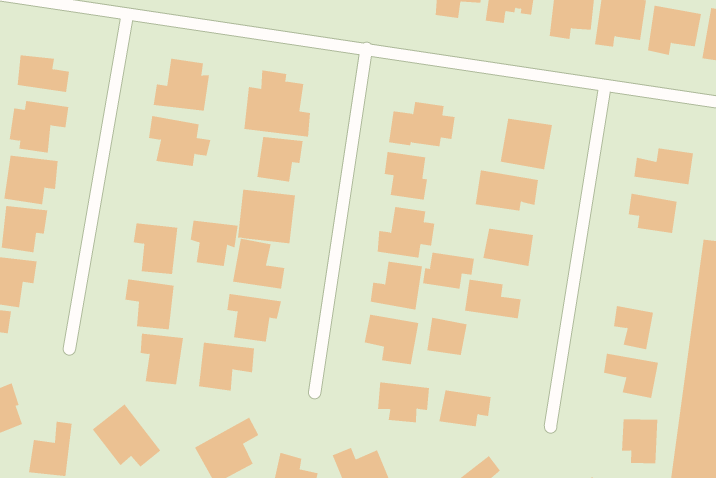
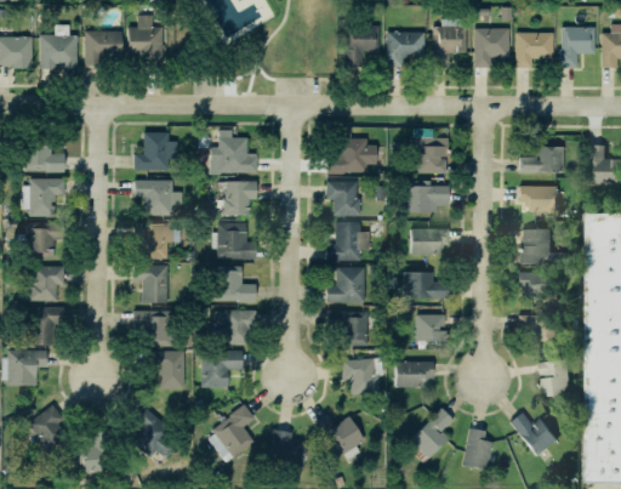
building: [190,220,238,267] -> [135,223,171,257]
building: none -> [517,228,574,262]
building: [422,252,474,289] -> none
building: [427,317,468,356] -> [417,314,446,341]

